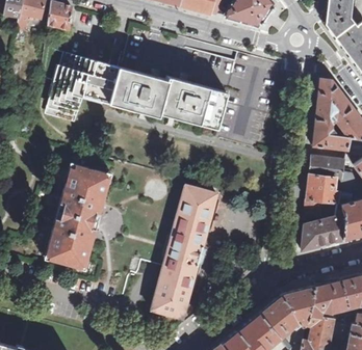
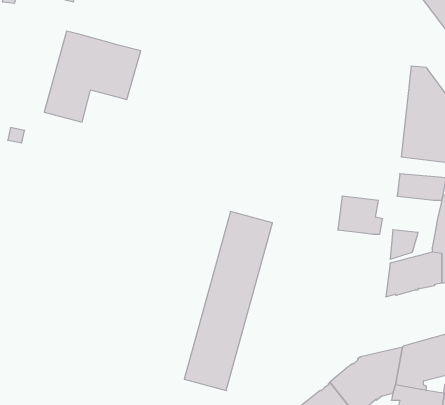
building: [109,66,228,129] -> none
building: [49,165,108,269] -> none
building: [307,174,340,203] -> [338,196,383,234]

